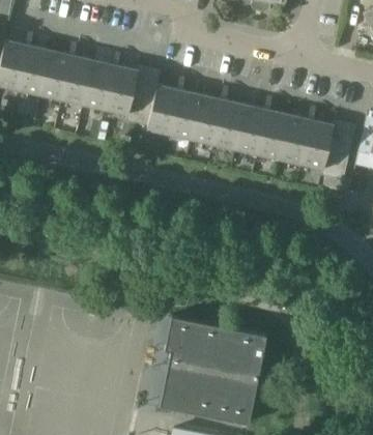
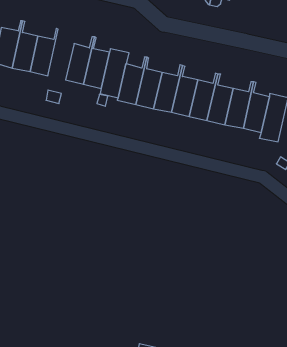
building: [61,41,93,104] -> none
building: [159,314,266,423] -> none

